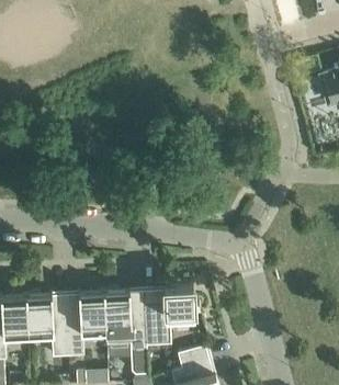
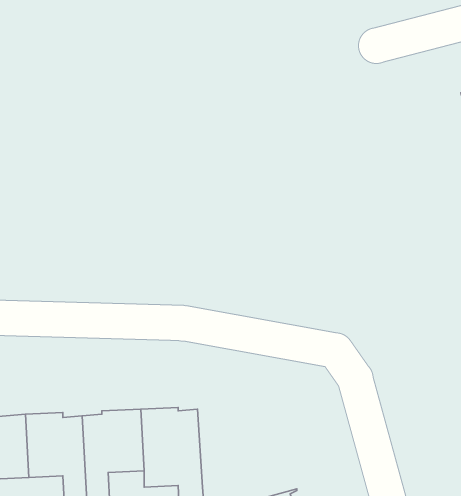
building: [143,284,194,343] -> none

